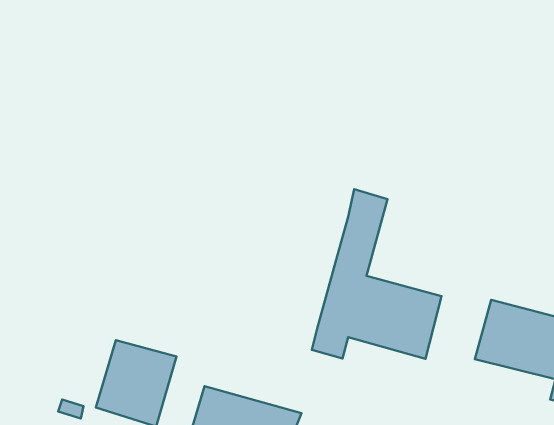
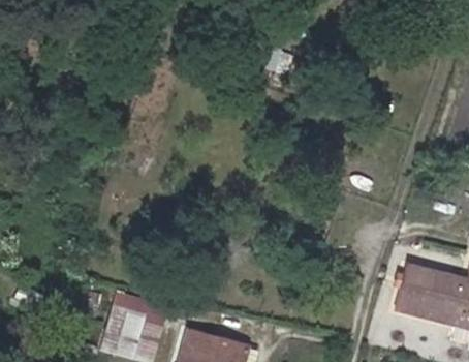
building: [312,189,442,359] -> none

